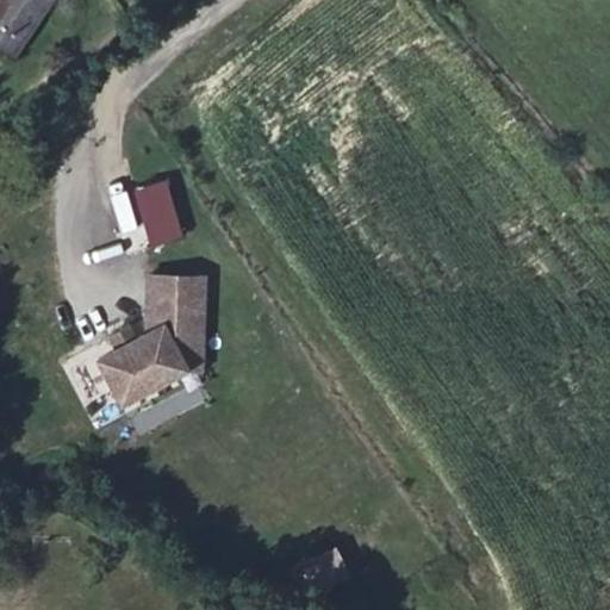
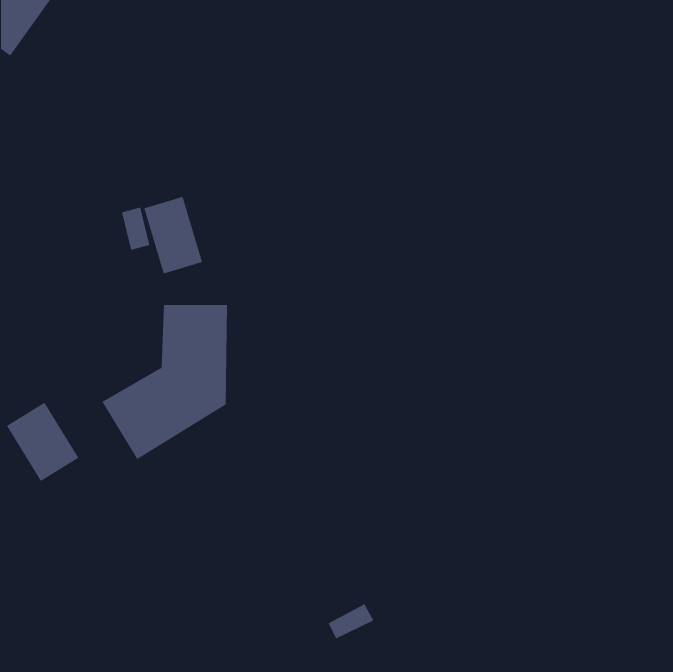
building: none -> [6,402,79,482]

